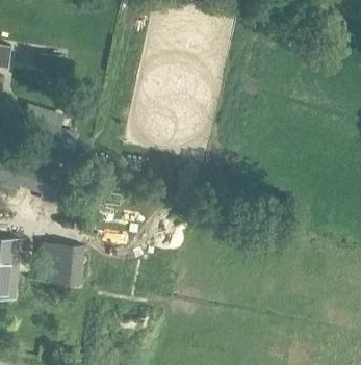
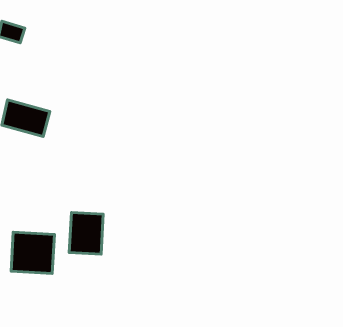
building: none -> [69,213,103,254]

